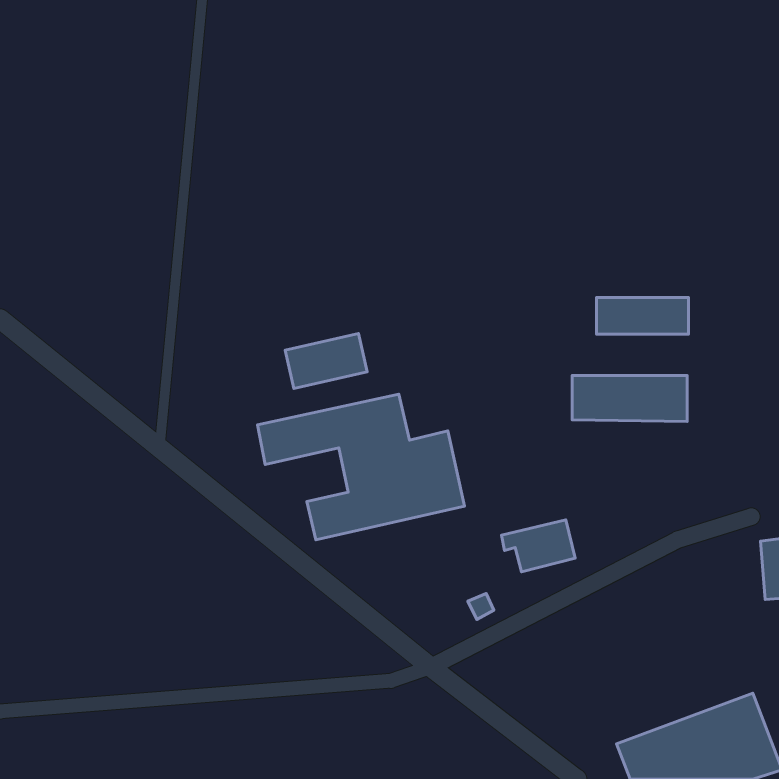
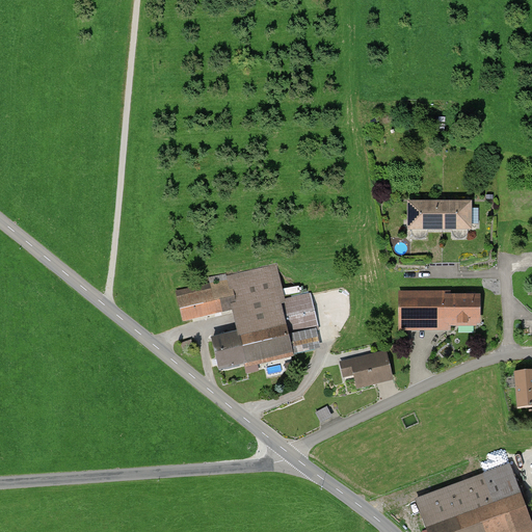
building: [285,334,367,388] -> none
building: [572,376,687,422] -> [400,295,478,326]

